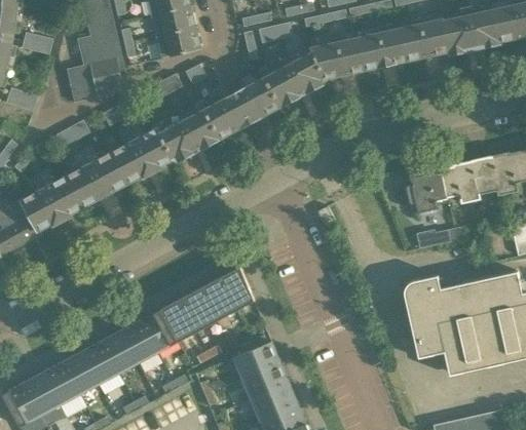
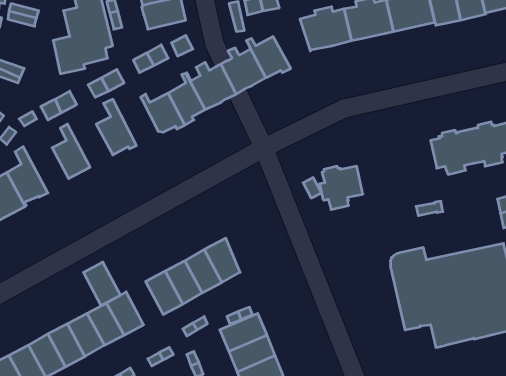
building: [287,47,324,96] -> none
building: [126,123,172,173] -> none
building: [81,147,126,195] -> none
building: [407,168,450,211] -> [320,166,363,210]
building: [37,170,82,221] -> none
building: [140,309,177,352] -> [83,262,120,305]

